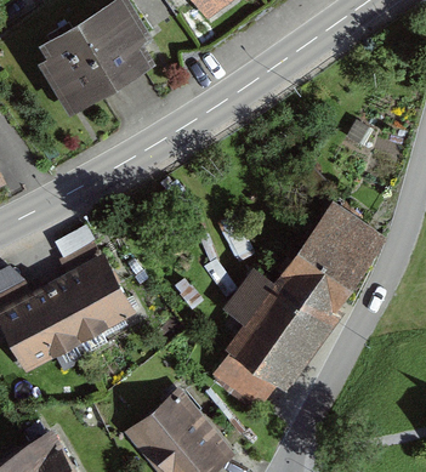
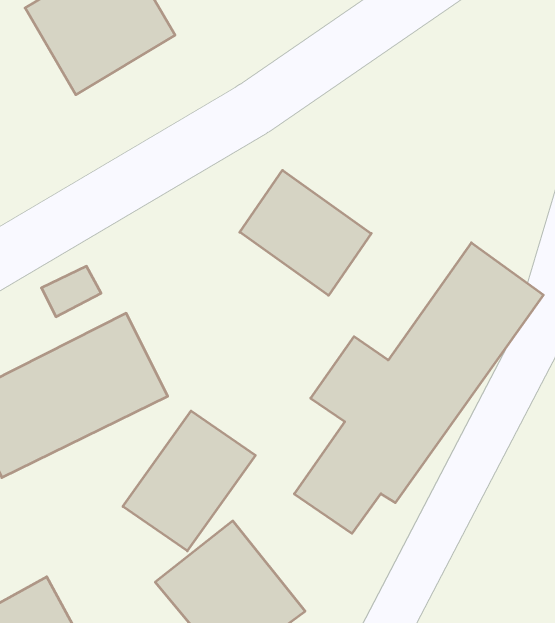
building: none -> [240,170,371,295]
building: none -> [123,411,255,551]

